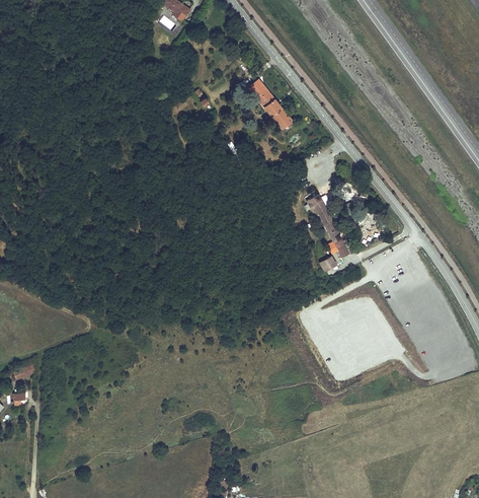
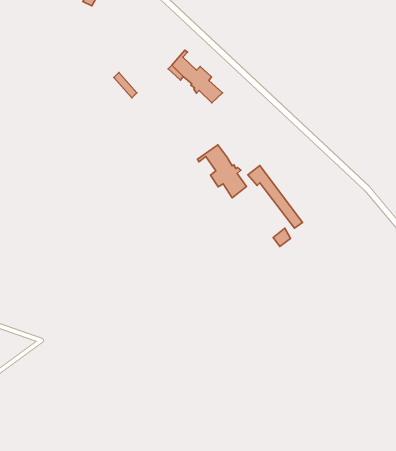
building: none -> [197,145,247,198]

